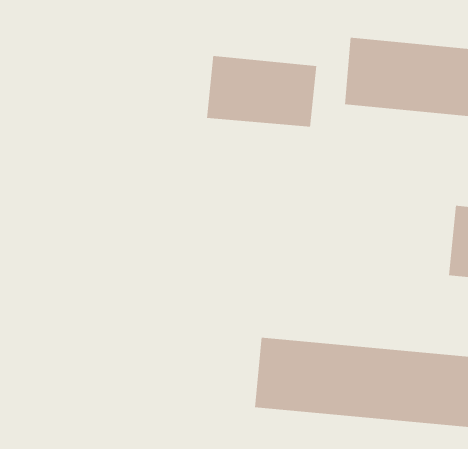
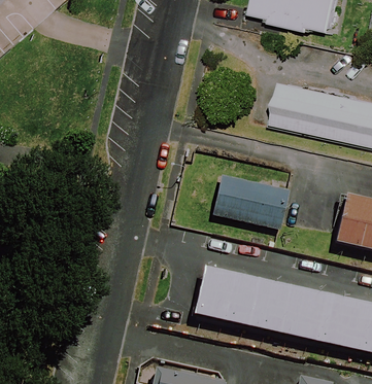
building: [206,56,317,127] -> [209,175,288,231]

